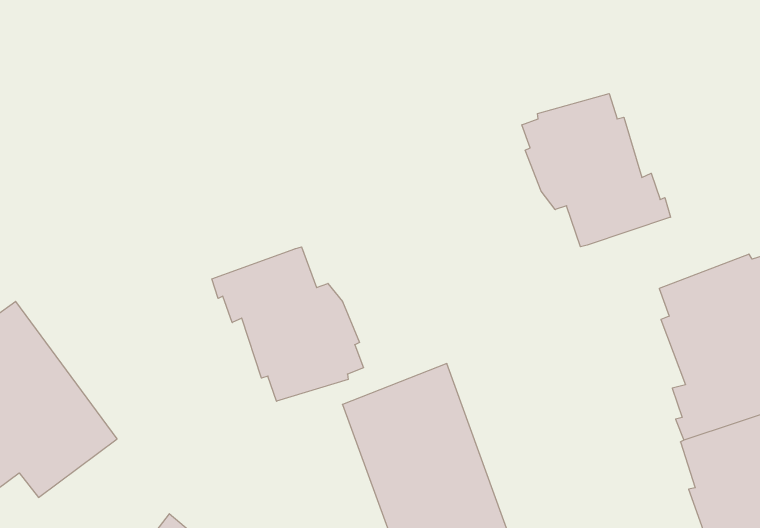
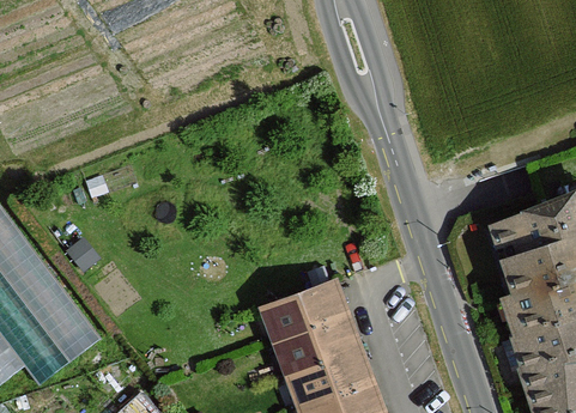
building: [522,94,671,247] -> none
building: [212,247,364,401] -> none

